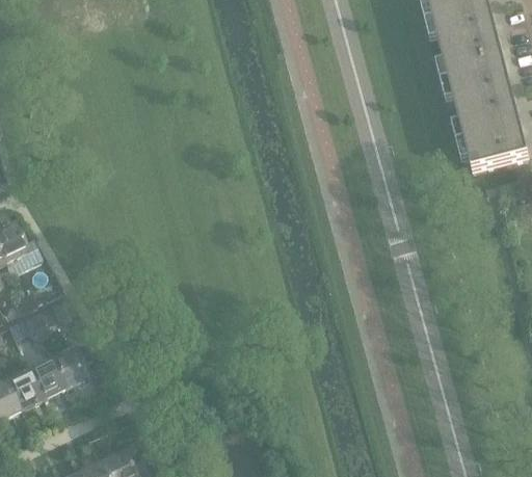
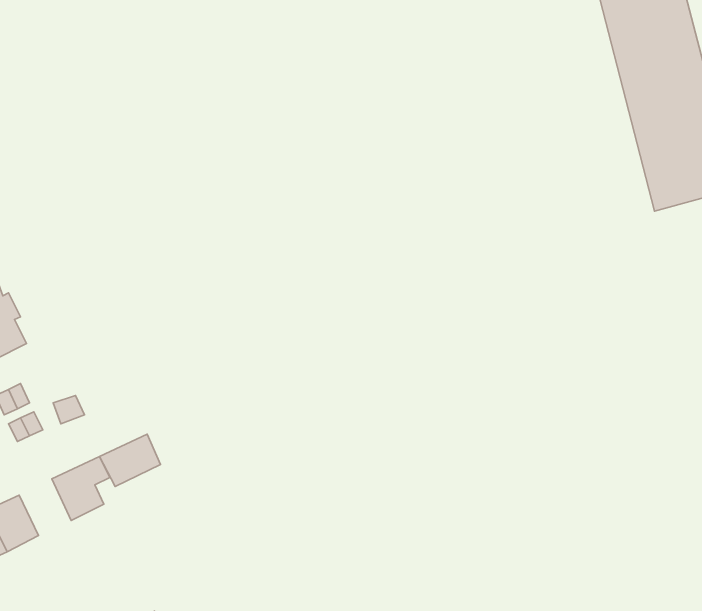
building: none -> [99,434,160,486]
building: [30,359,66,398] -> none

